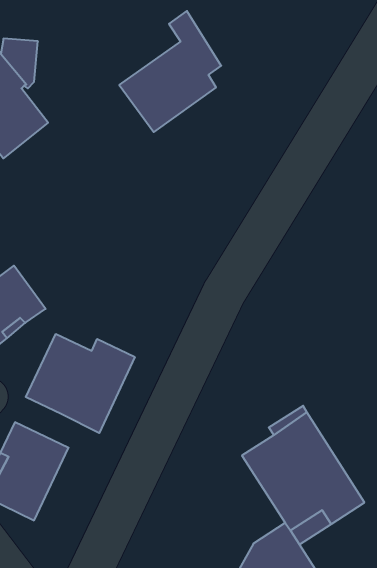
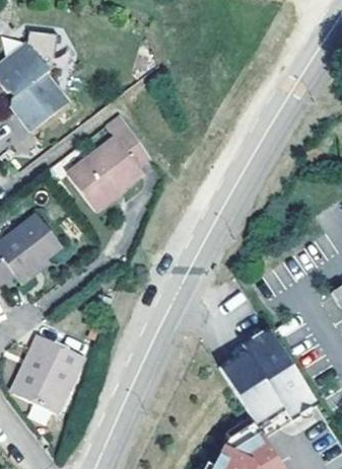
building: [119,11,221,132] -> [68,113,149,210]
building: [26,334,135,433] -> none

